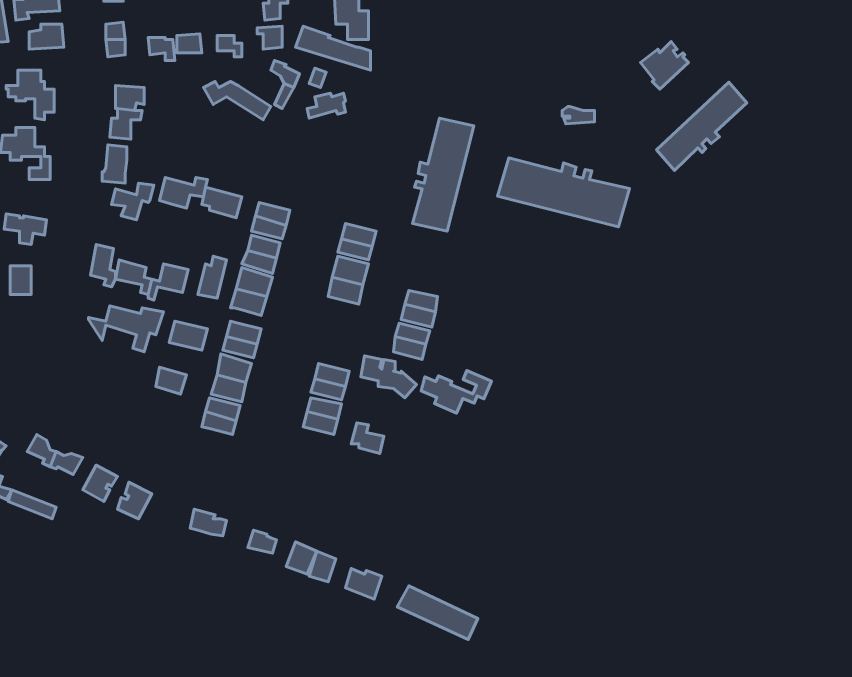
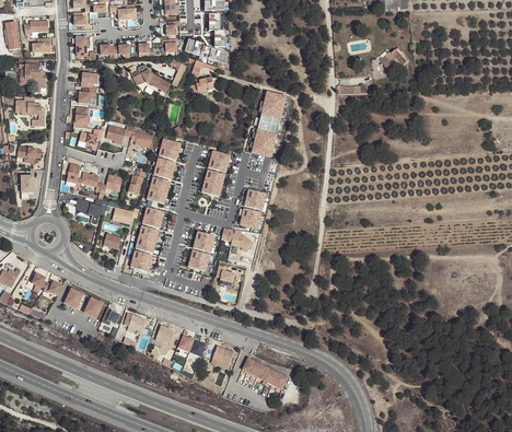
building: [656,82,747,171] -> none
building: [498,158,630,227] -> none
building: [421,371,491,413] -> none

